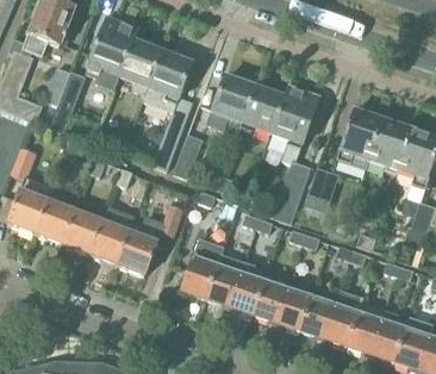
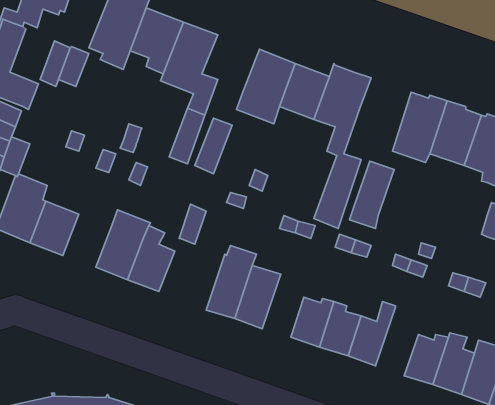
building: [62,212,102,256] -> none
building: [228,262,262,314] -> none
building: [322,289,362,347] -> none

